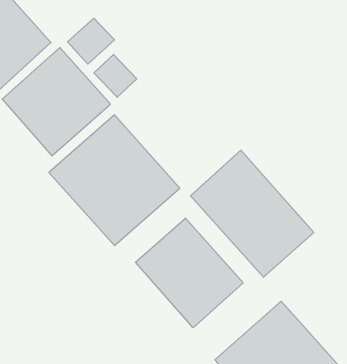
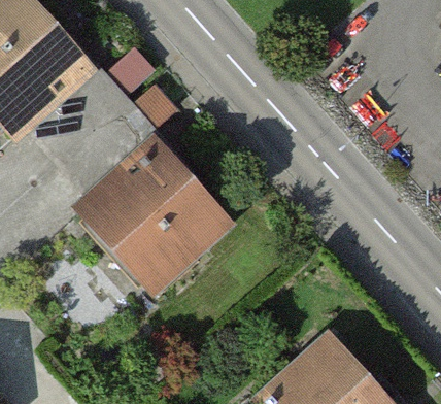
building: [191,150,314,277] -> none
building: [136,218,243,328] -> none

